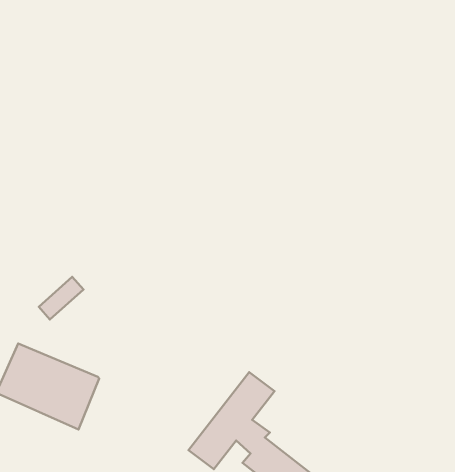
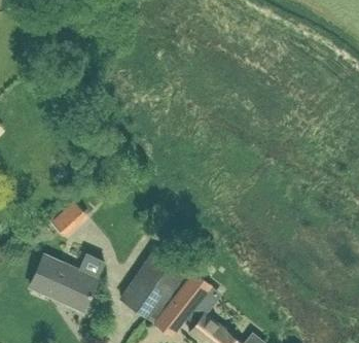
building: none -> [120,250,185,320]

